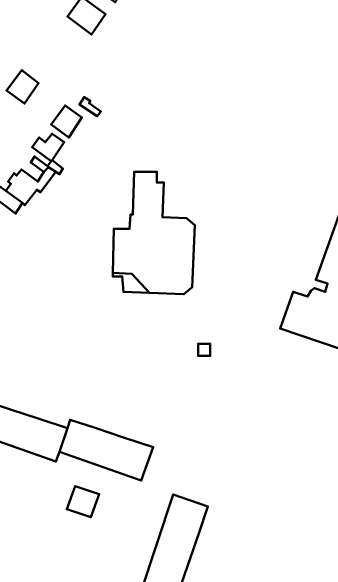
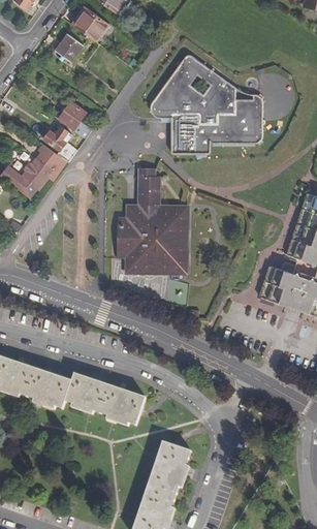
building: none -> [147,55,262,157]
building: [7,70,39,103] -> [54,33,82,62]
building: [67,486,99,517] -> none

